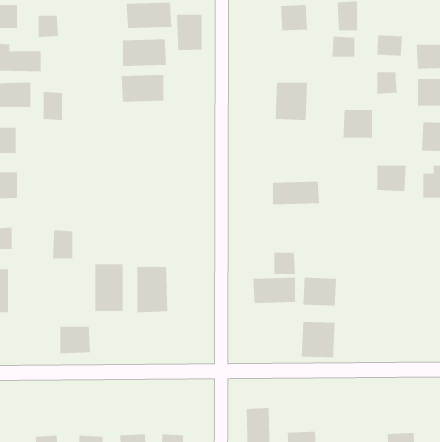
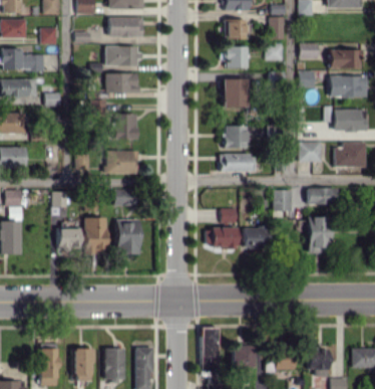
building: [177,14,202,51] -> none
building: none -> [225,46,248,67]
building: [342,109,373,138] -> [224,126,247,148]
building: none -> [113,113,137,139]
building: none -> [105,150,137,173]
building: none -> [306,187,336,204]
building: none -> [114,188,136,205]
building: none -> [273,189,292,210]
building: none -> [307,216,330,252]
building: [301,321,335,358] -> none
building: [59,326,91,354] -> [57,228,81,249]

